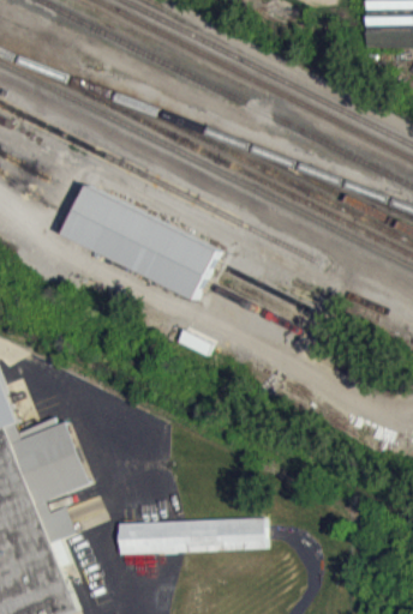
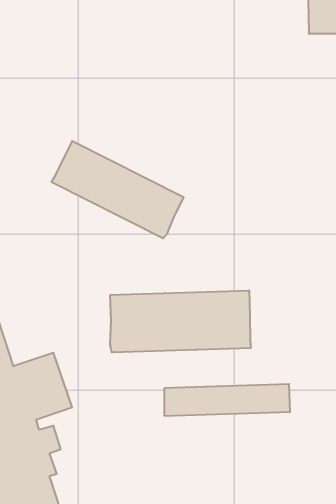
building: none -> [110,290,251,353]
building: [115,519,263,556] -> [164,384,290,416]

